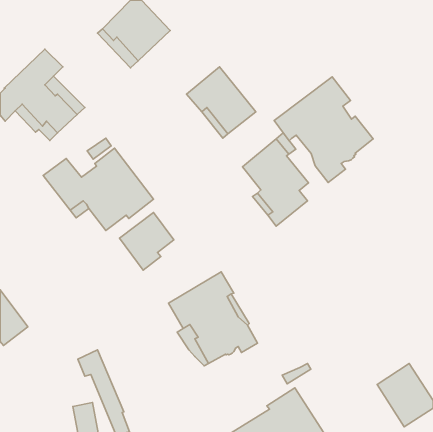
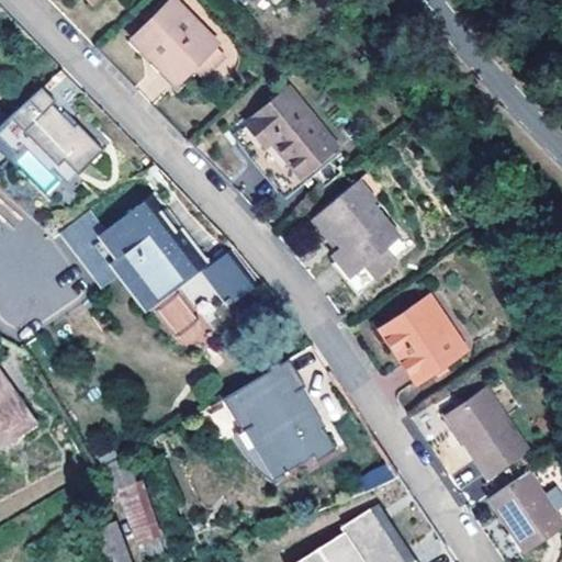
building: [274,77,373,183] -> none
building: none -> [199,244,258,301]
building: none -> [378,296,470,387]
building: none -> [443,387,532,483]

